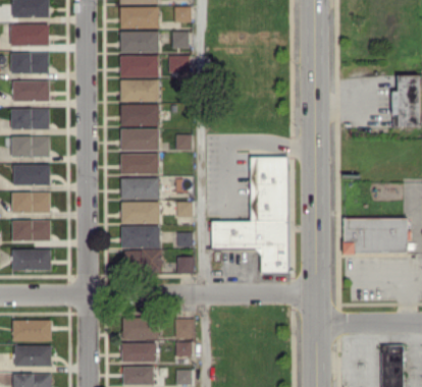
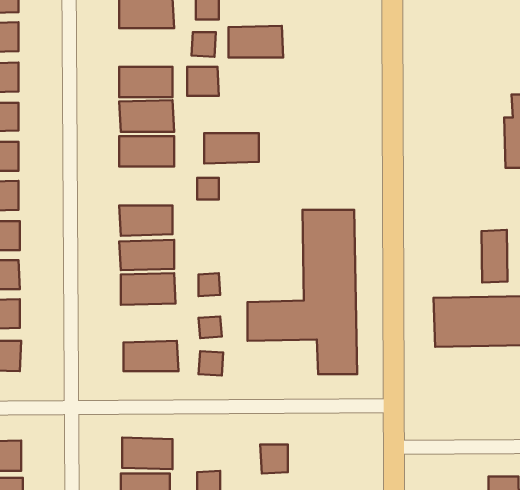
building: [120,31,159,53] -> [228,26,283,57]
building: [120,129,159,151] -> [204,133,259,163]
building: none -> [481,230,508,283]
building: [121,226,160,248] -> none
building: [174,319,194,339] -> [260,445,288,473]

